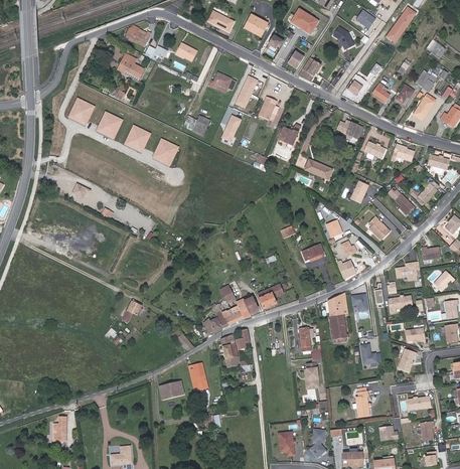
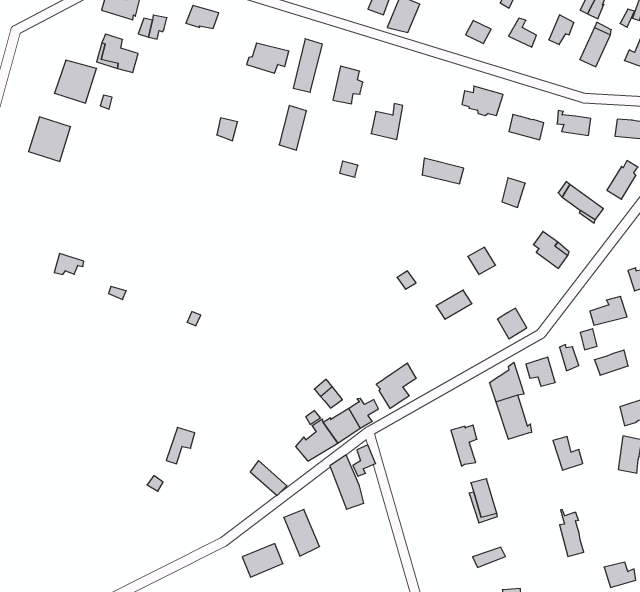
building: [96,111,124,139] -> [54,60,97,103]
building: [124,124,151,153] -> none
building: [152,138,179,166] -> none

